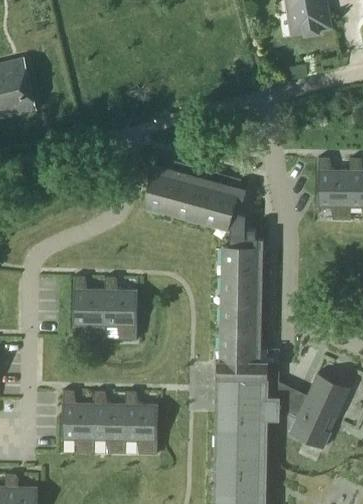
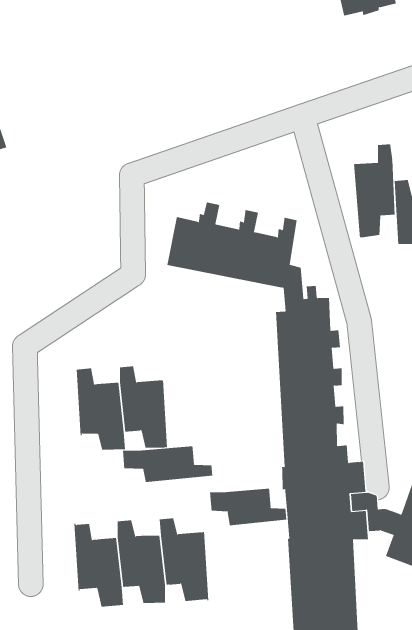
building: none -> [353,144,395,238]
building: none -> [122,445,213,483]
building: none -> [210,488,287,526]

